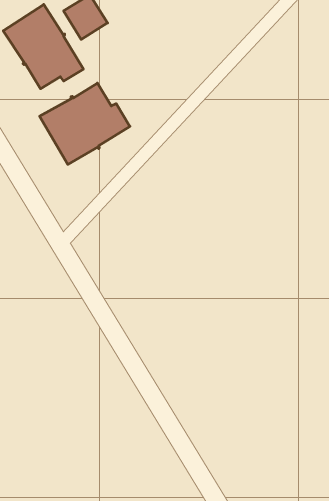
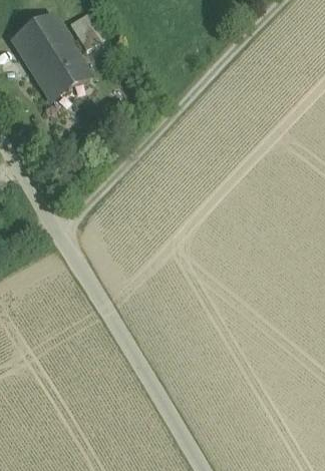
building: [40,83,130,164] -> none

